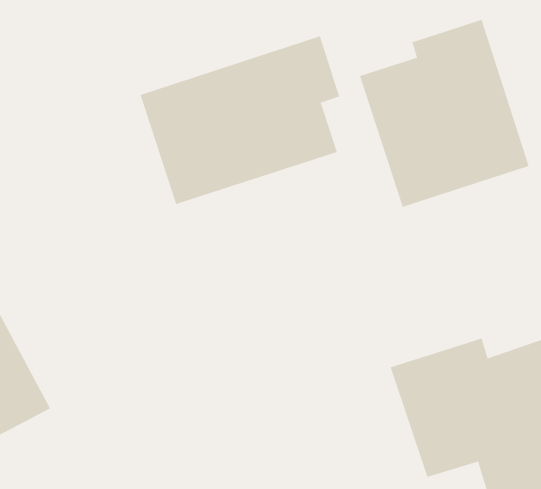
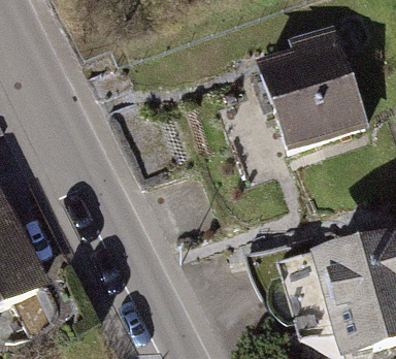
building: [140,36,340,205] -> none

